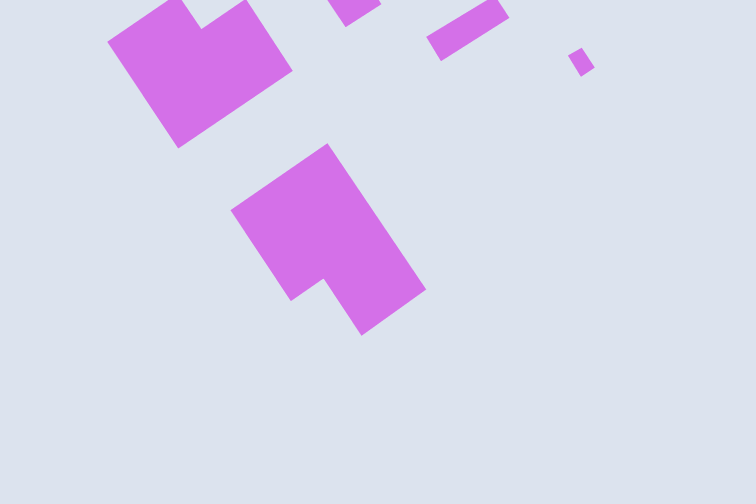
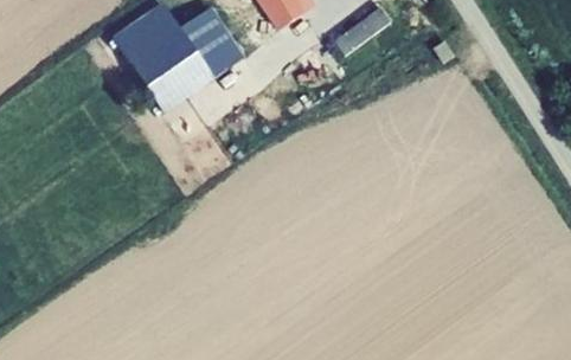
building: [229,142,427,337] -> none

